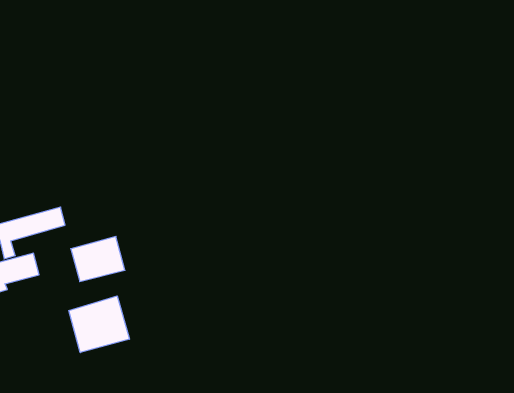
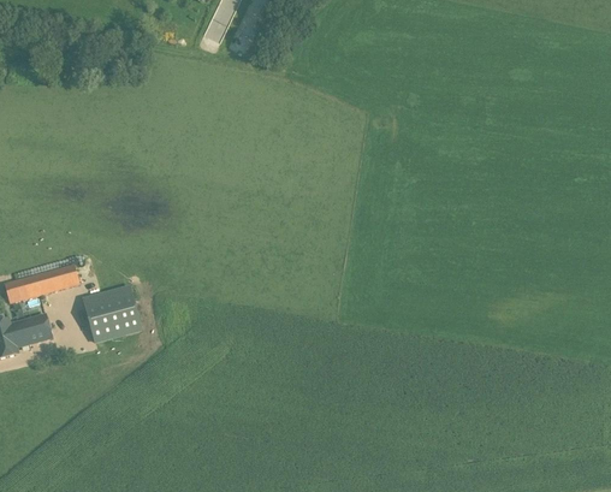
building: [69,296,129,353] -> none

